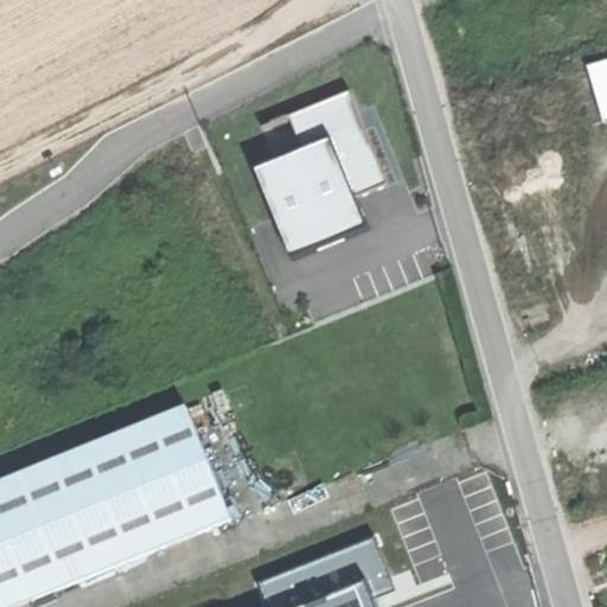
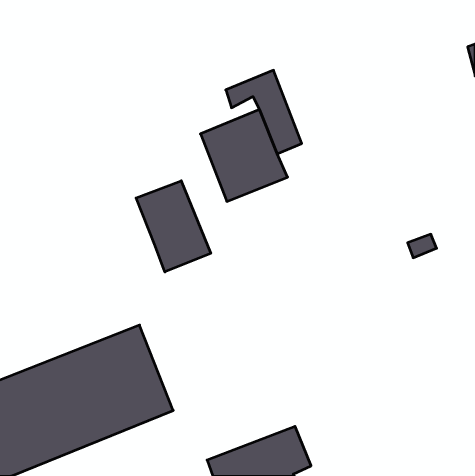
building: none -> [136,181,211,272]

